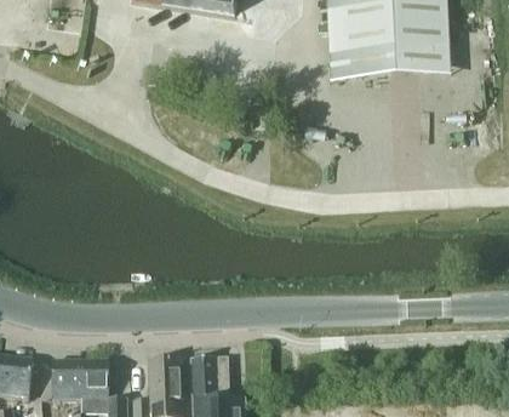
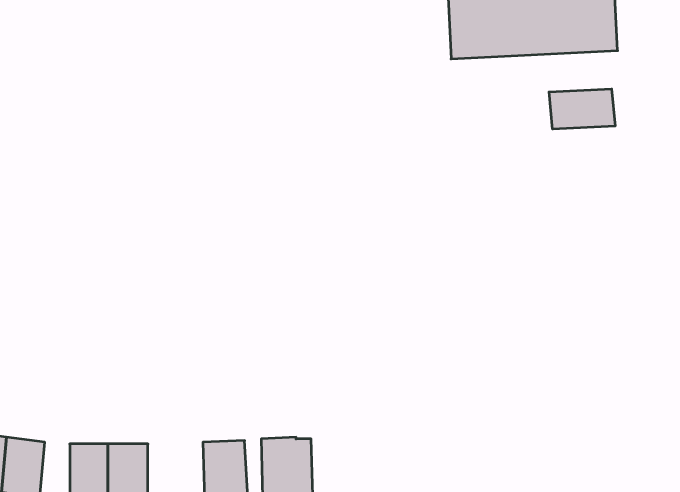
building: none -> [549,89,615,129]

